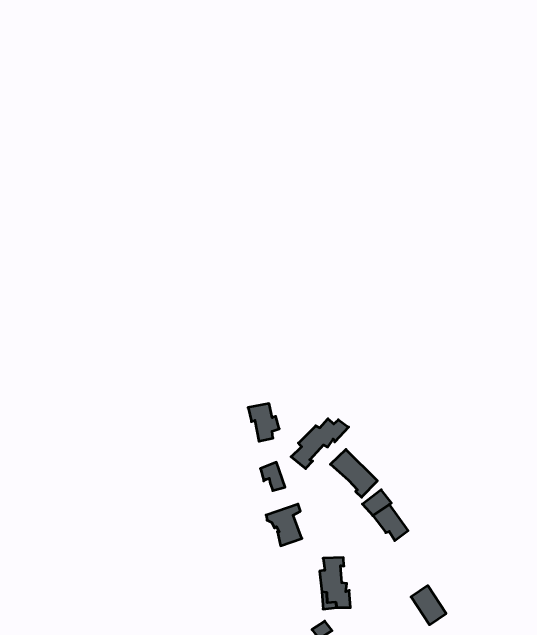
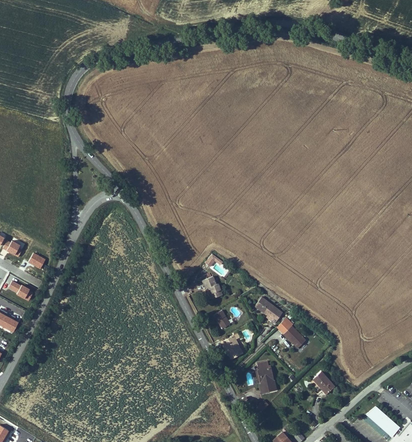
building: [291,419,349,469] -> none

